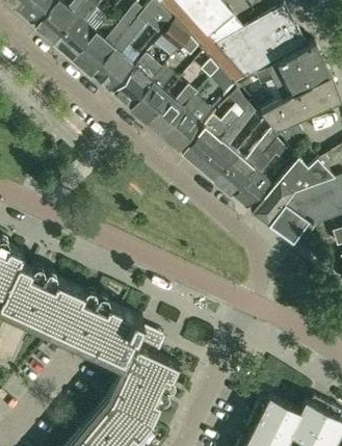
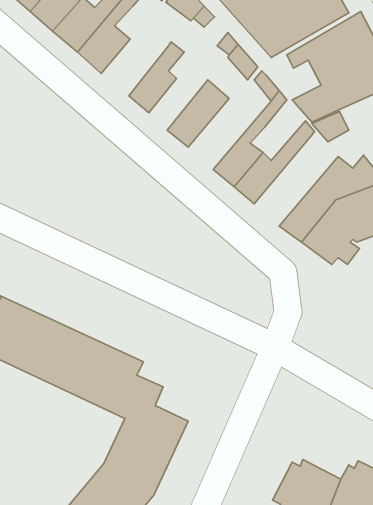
building: [112,57,162,111] -> none
building: [147,88,196,138] -> none
building: [181,112,239,169] -> none
building: [230,142,291,211] -> none

